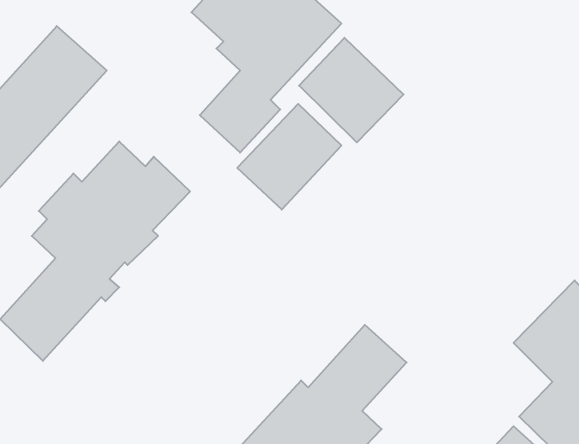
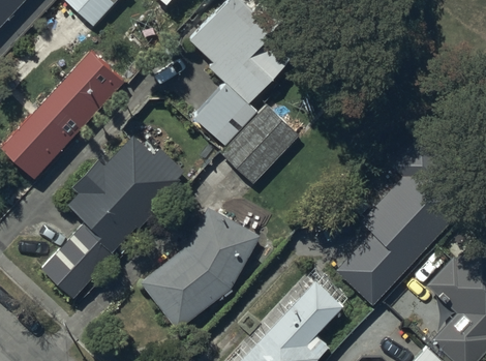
building: [299,38,404,142] -> none
building: none -> [335,166,466,307]
building: none -> [140,208,259,331]

